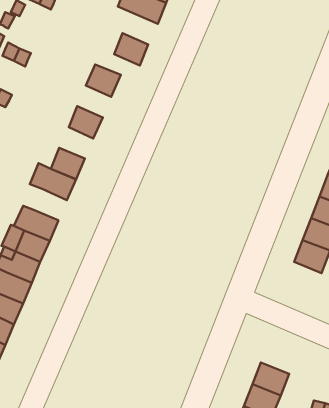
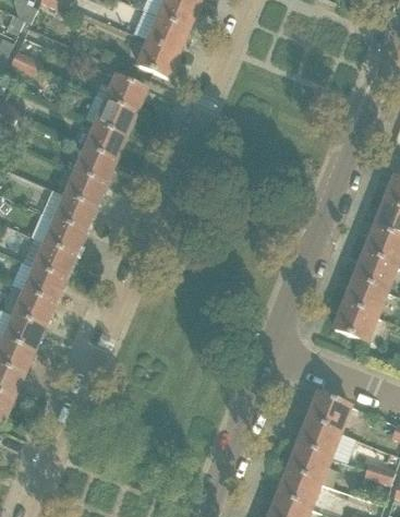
building: none -> [133,10,189,53]
building: none -> [96,100,135,137]
building: none -> [75,148,114,184]
building: none -> [32,214,84,256]
building: none -> [335,303,377,341]
building: none -> [307,394,350,432]

